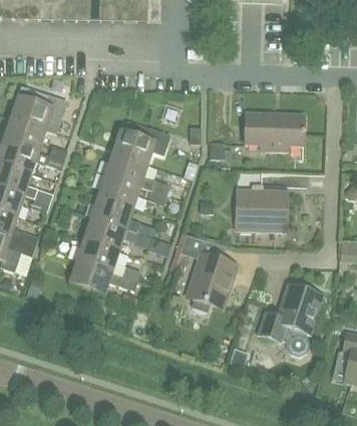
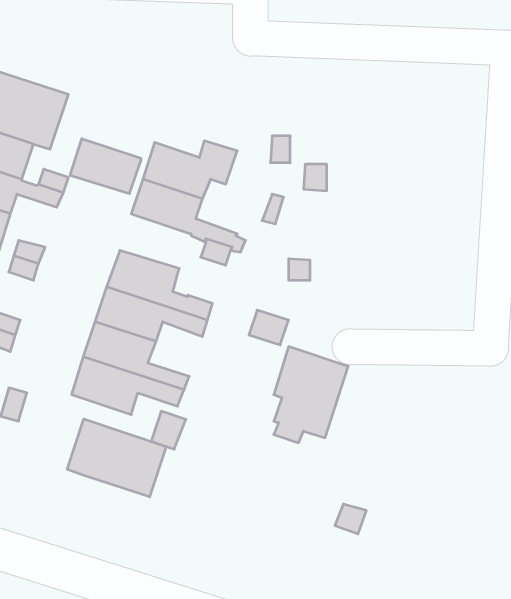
building: [245,113,304,150] -> none
building: [98,173,141,206] -> [70,139,141,193]
building: [236,184,287,231] -> none
building: [258,285,320,356] -> none
building: none -> [67,419,166,497]

